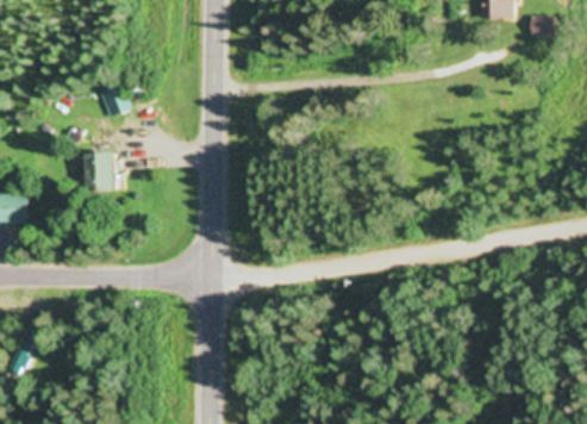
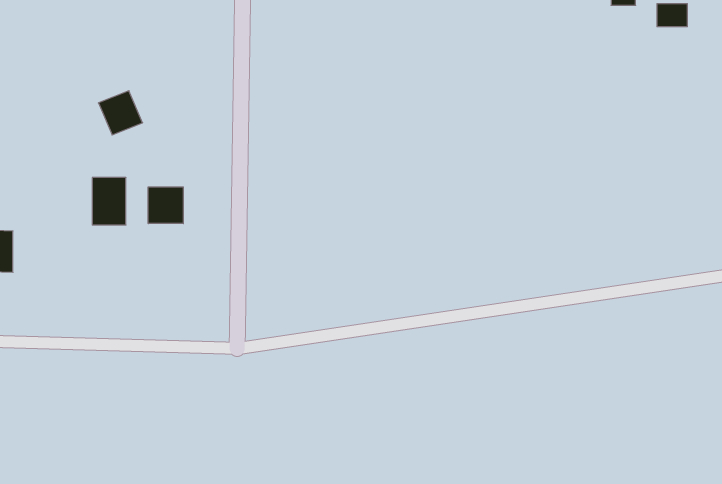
building: none -> [148,187,183,224]

